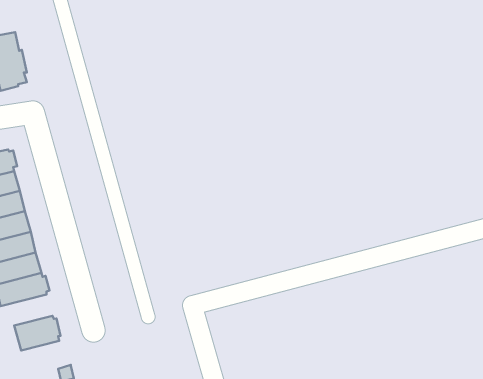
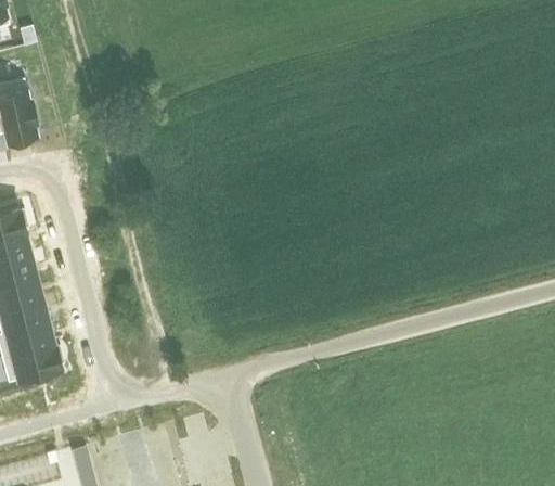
building: [14,316,61,351] -> none

